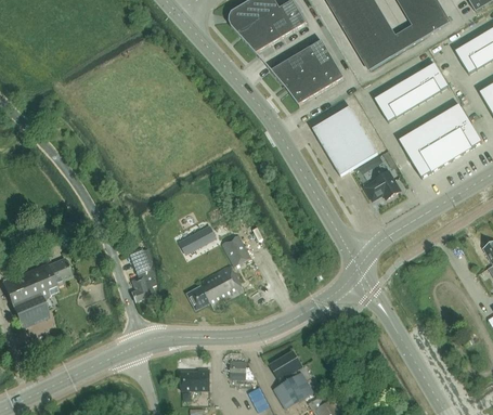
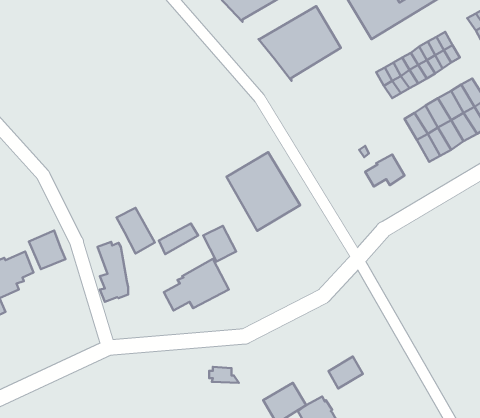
building: [312,105,377,174] -> [226,152,300,231]
building: none -> [116,208,155,254]
building: none -> [29,231,65,269]
building: [270,350,300,378] -> [328,357,363,388]
building: [180,367,208,389] -> none

